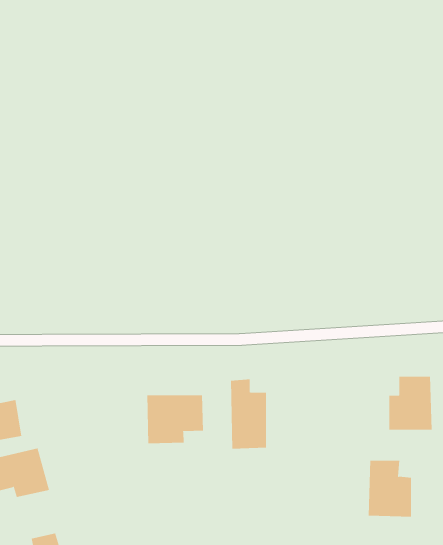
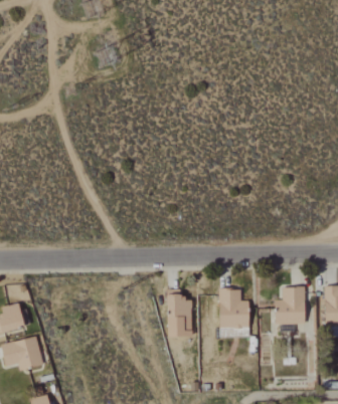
building: [147,394,203,444] -> none
building: [368,460,412,517] -> [218,289,248,329]

